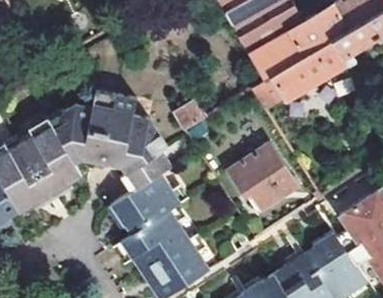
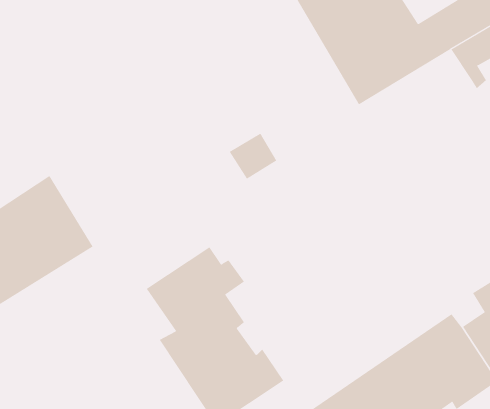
building: [251,45,342,112] -> none
building: [50,97,170,193] -> none
building: [227,148,294,211] -> none

